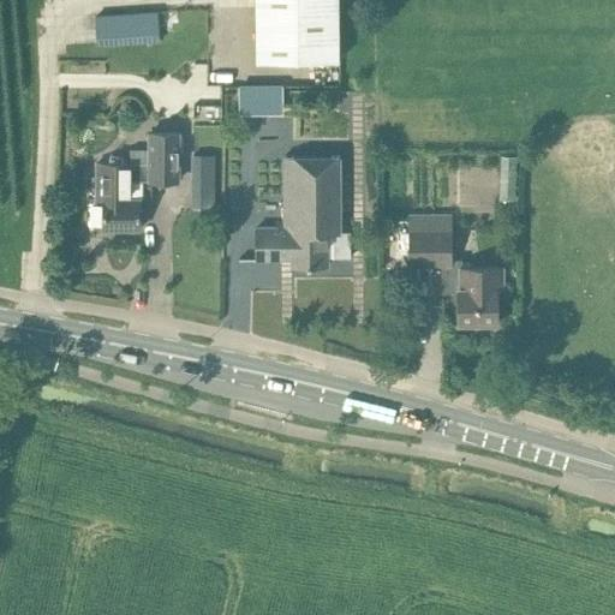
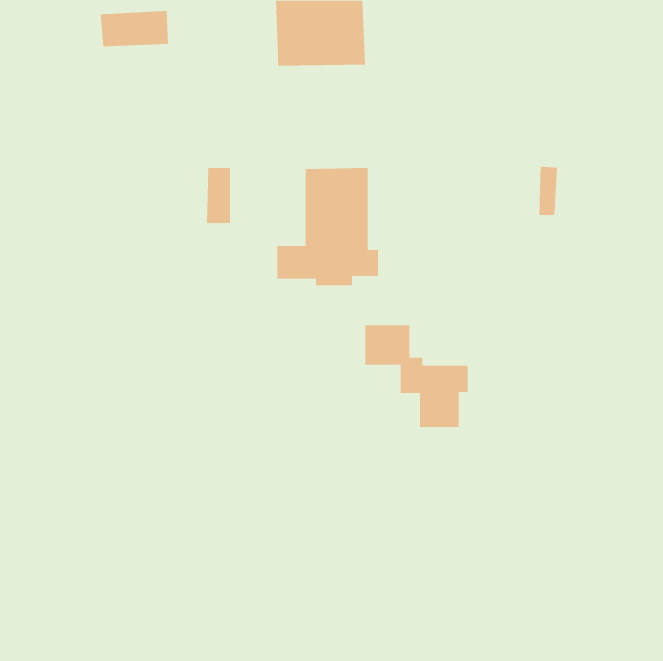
building: [235,85,281,115] -> none
building: [96,132,179,231] -> none
building: [408,229,504,324] -> [365,325,468,427]

